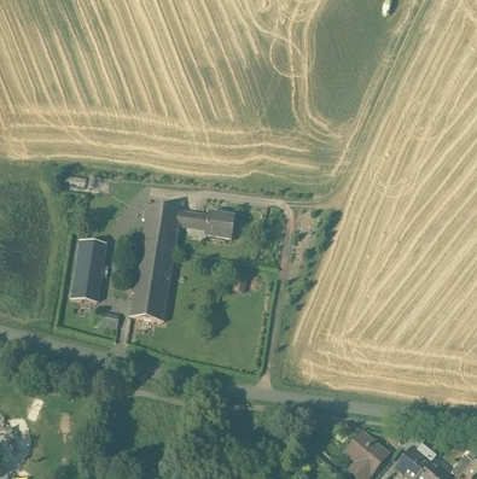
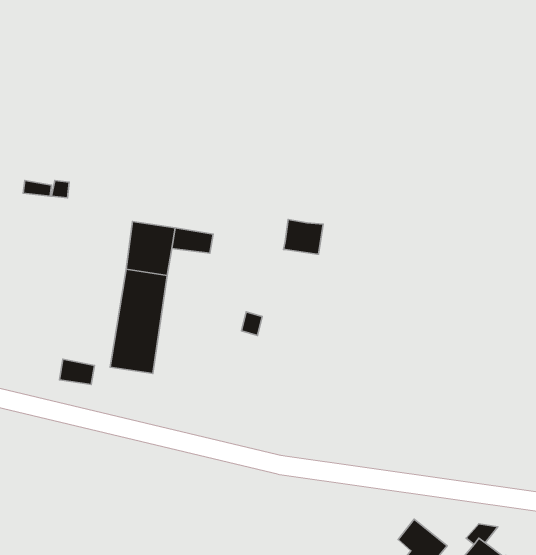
building: [206,212,237,239] -> [284,220,323,254]
building: [72,239,106,302] -> none

